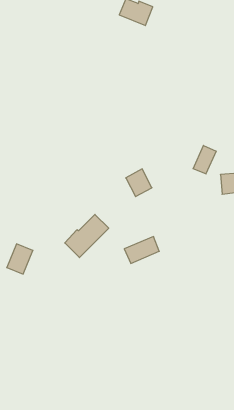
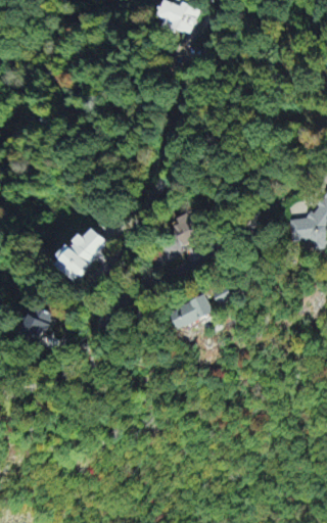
building: [193,145,216,174] -> none
building: [65,214,109,258] -> [52,227,107,281]

